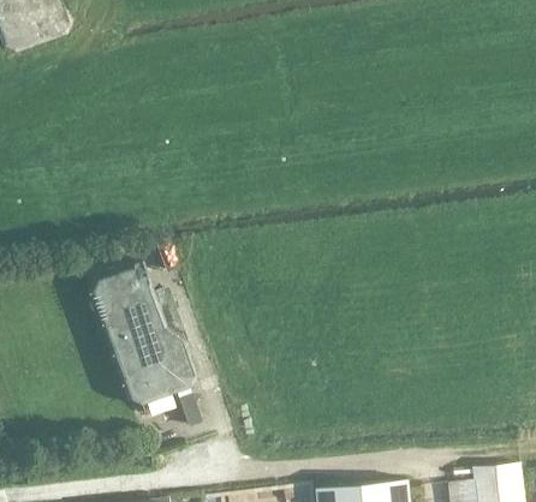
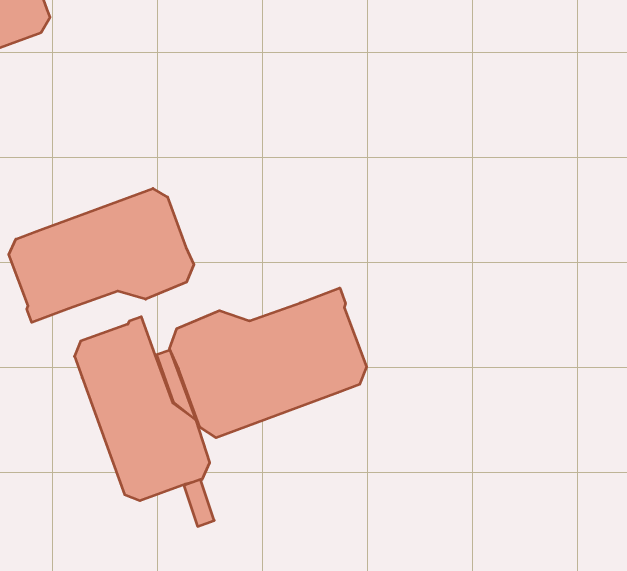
building: none -> [9,188,194,322]
building: none -> [170,288,367,438]

